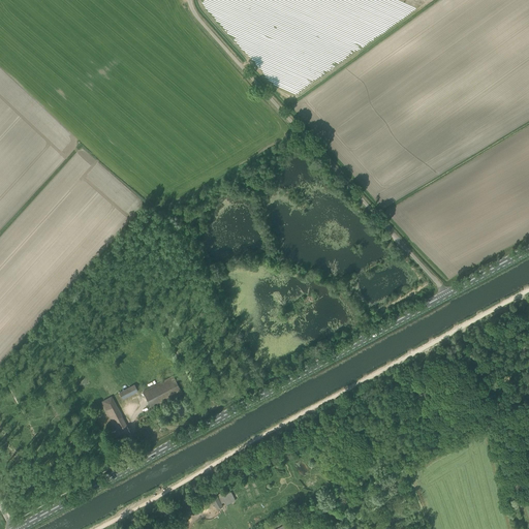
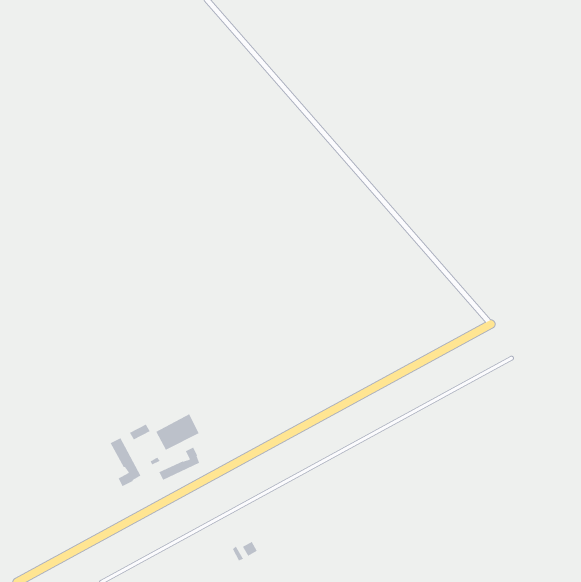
building: none -> [158,446,200,481]

